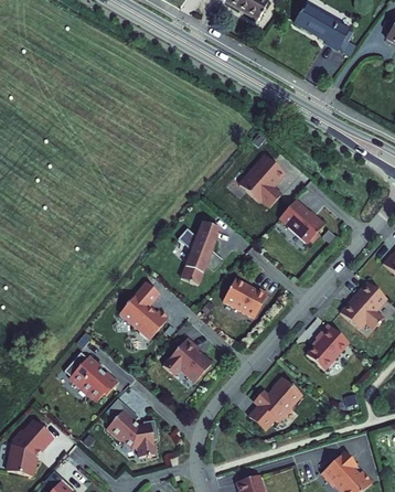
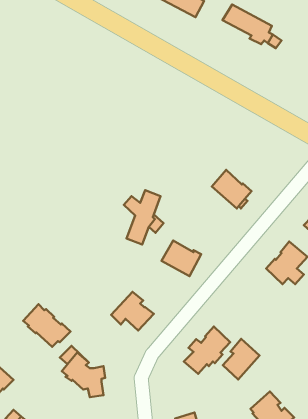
building: [239,161,290,207] -> none
building: [119,280,168,340] -> none
building: [307,323,349,370] -> [223,339,260,380]

